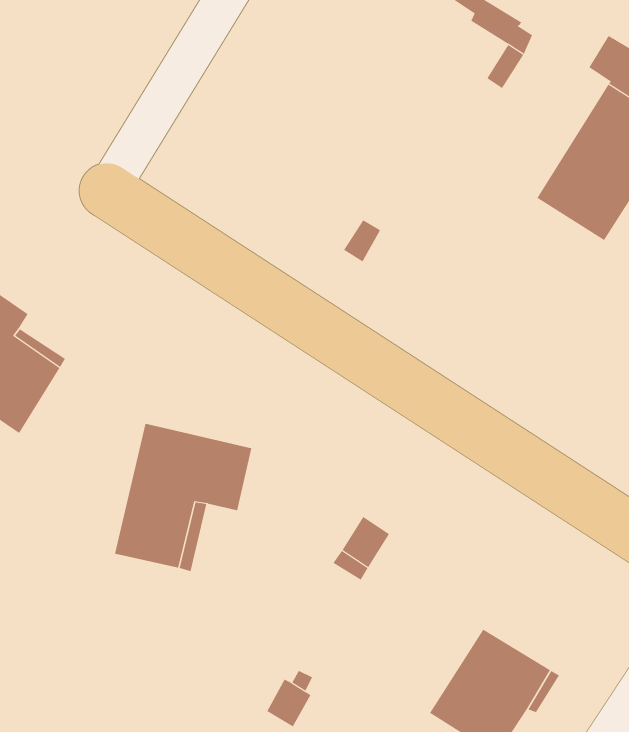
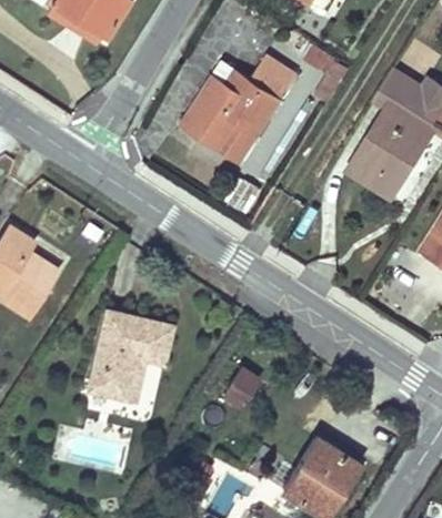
building: none -> [185,57,298,160]

